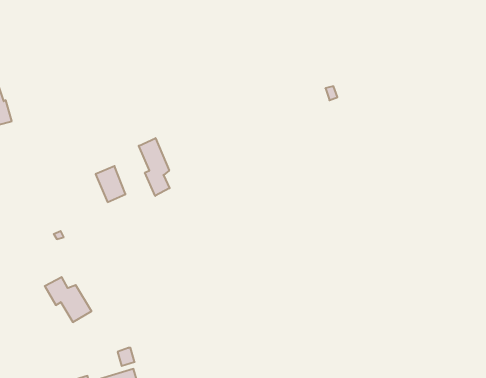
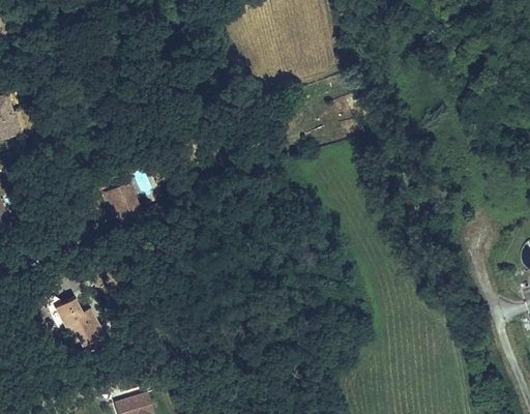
building: [139,138,170,196] -> none

